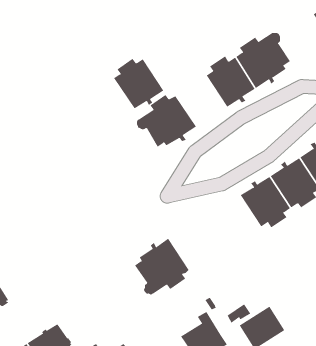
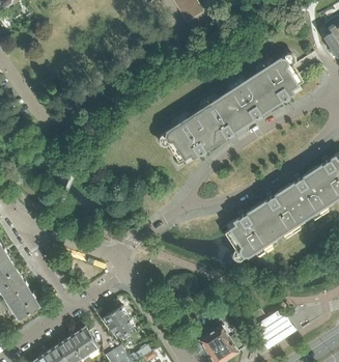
building: [113,58,164,109] -> [196,95,244,143]
building: [134,238,190,295] -> [224,207,276,261]
building: none -> [104,306,137,342]

